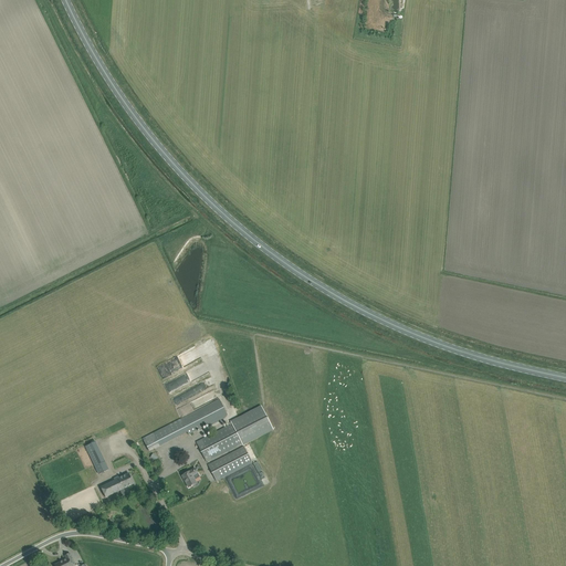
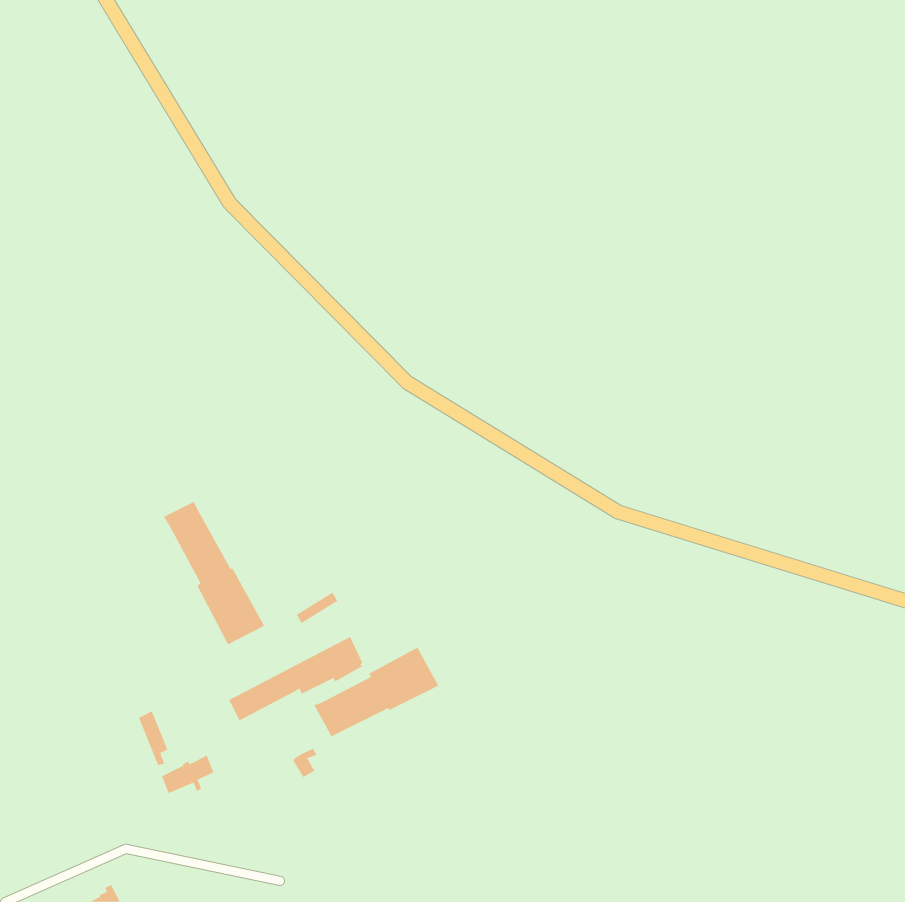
building: none -> [163,501,265,645]
building: [208,444,252,479] -> none

